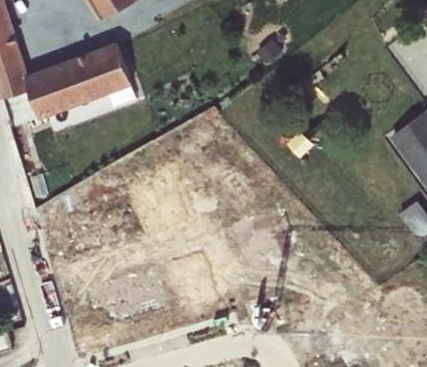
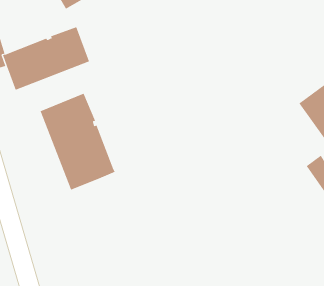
building: none -> [40,93,116,191]

